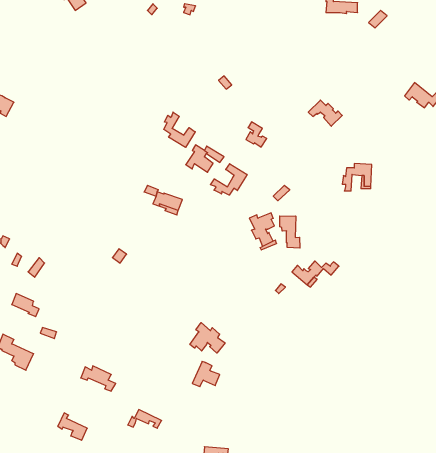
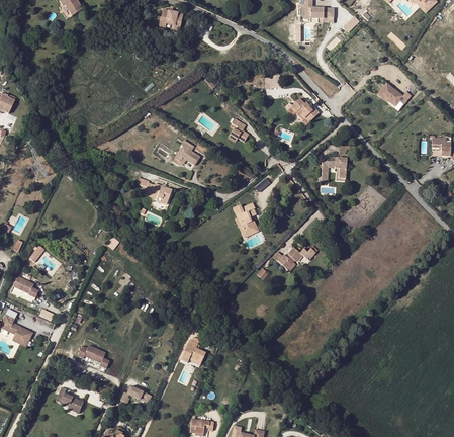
building: [164,112,195,147] -> none
building: [210,164,247,195] -> none
building: [280,216,300,248] -> none
building: [190,323,225,353] -> none

